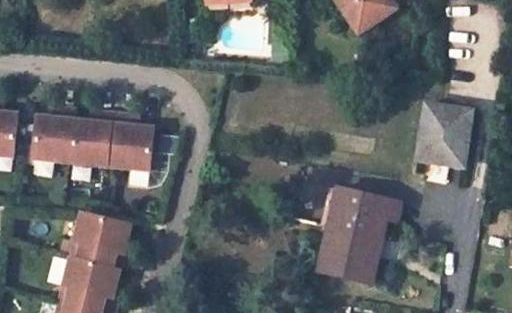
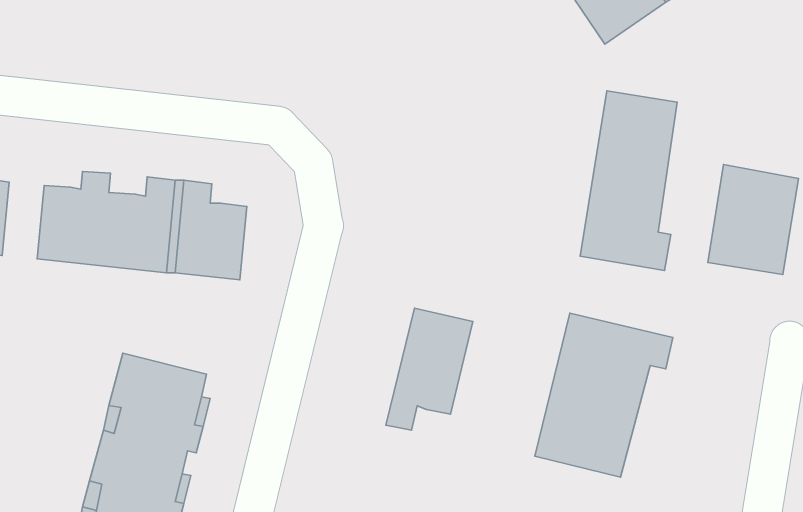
building: none -> [580,91,677,271]
building: none -> [386,308,473,430]

